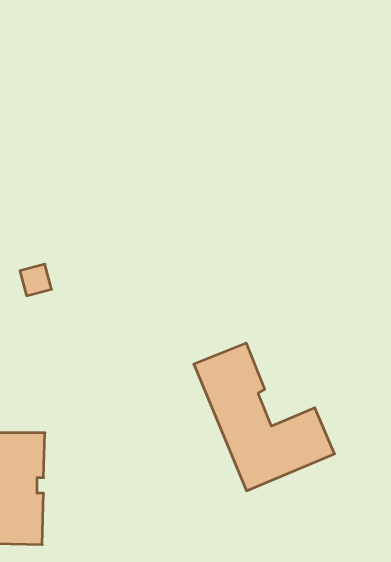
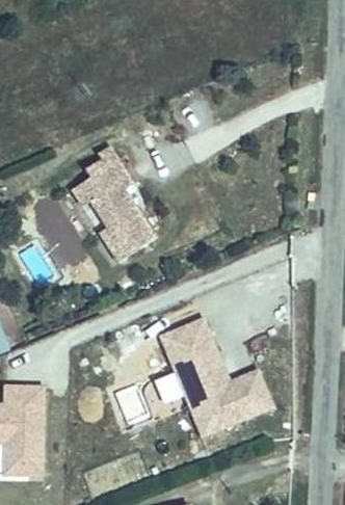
building: none -> [72,145,155,261]

